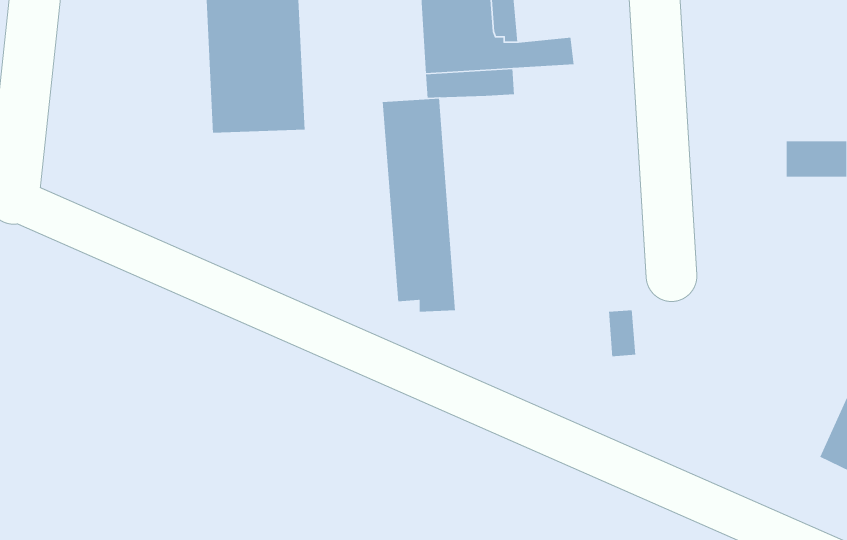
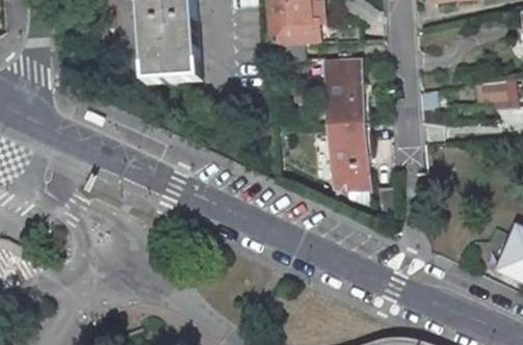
building: [382,98,456,313] -> [323,60,367,187]

